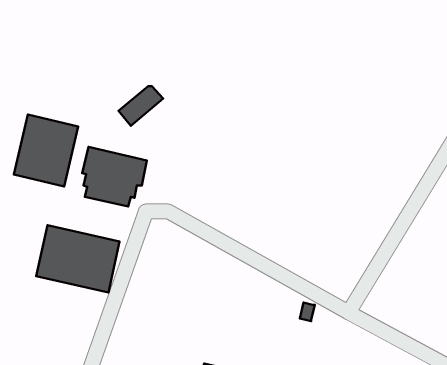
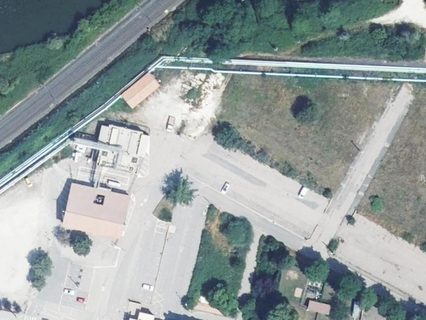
building: [14,115,78,187] -> none

